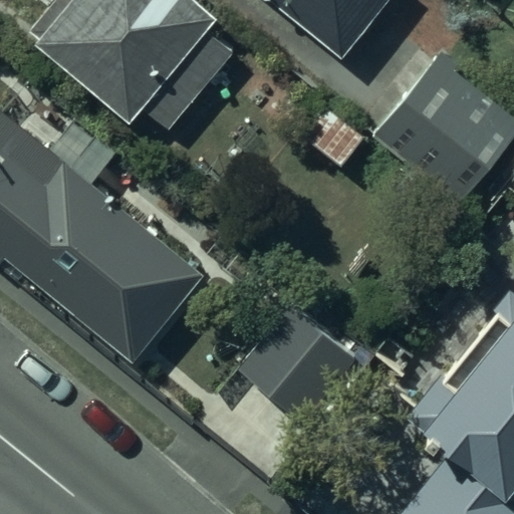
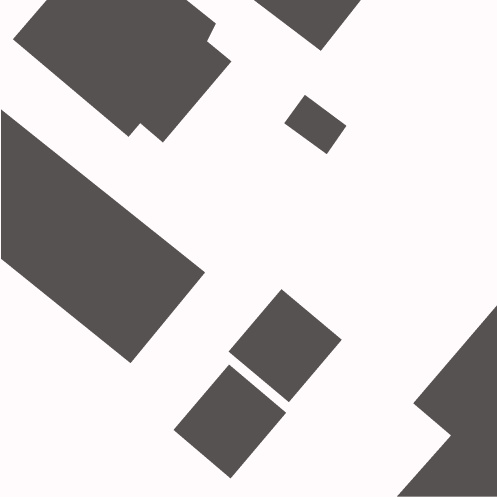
building: [370,67,506,197] -> none
building: none -> [172,364,287,479]

